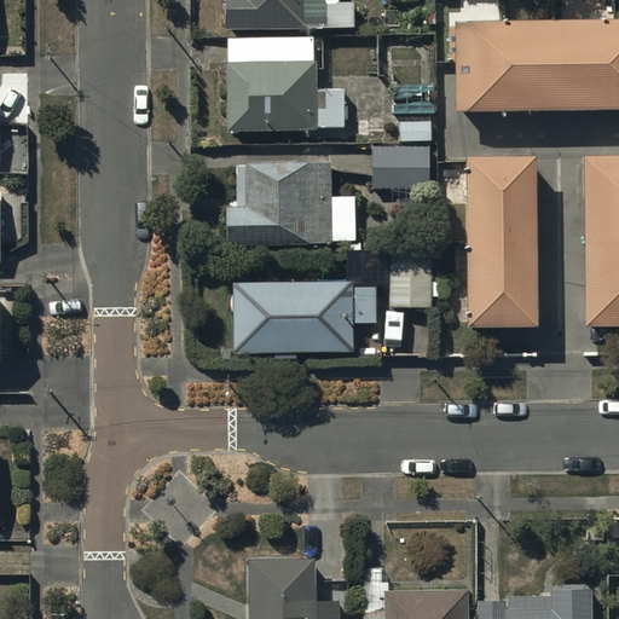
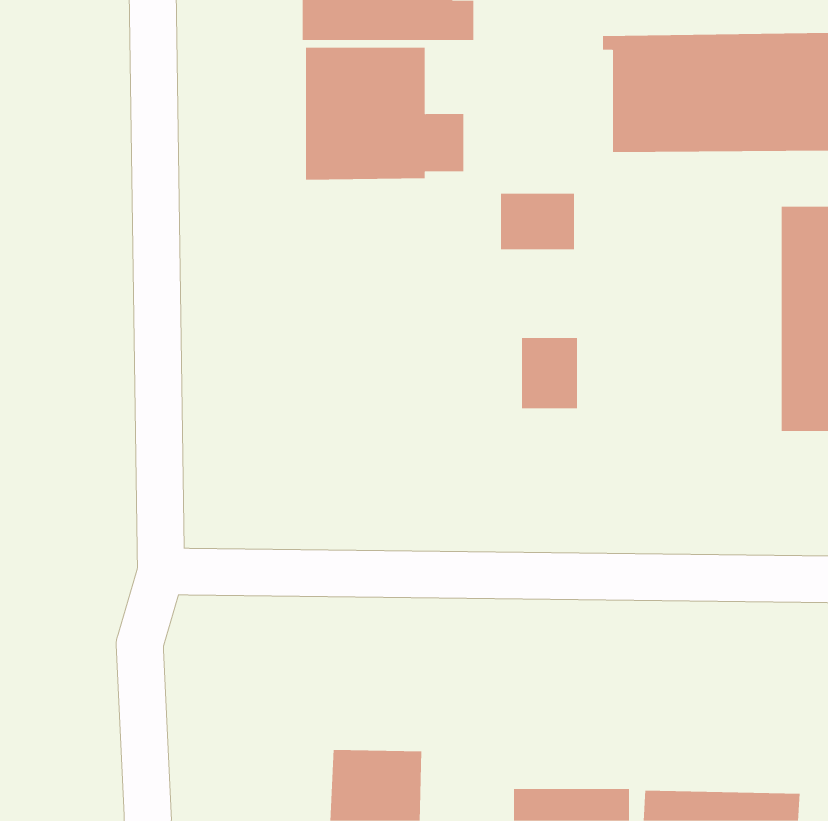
building: [467,157,536,326] -> none
building: [227,163,354,247] -> none
building: [235,283,377,357] -> none

